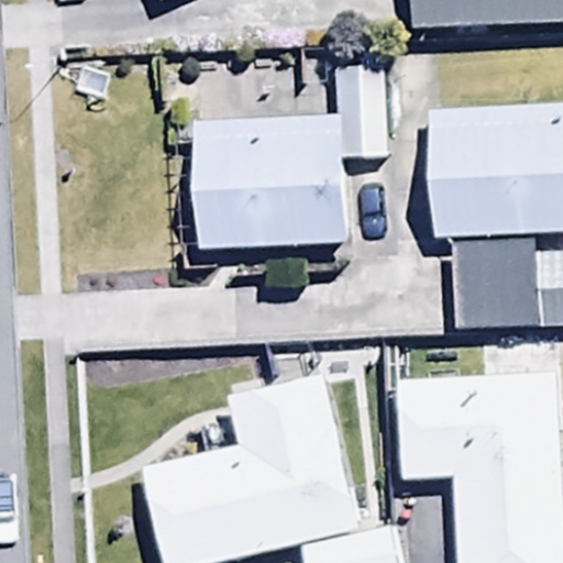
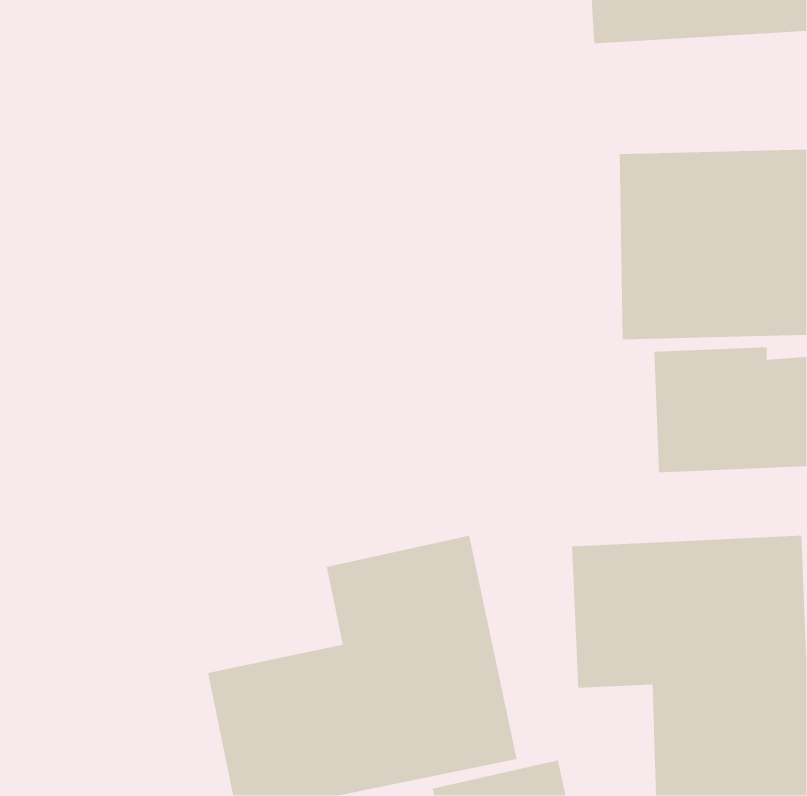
building: [192,64,388,247] -> none

